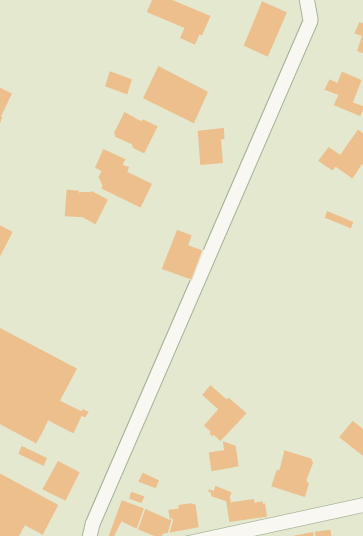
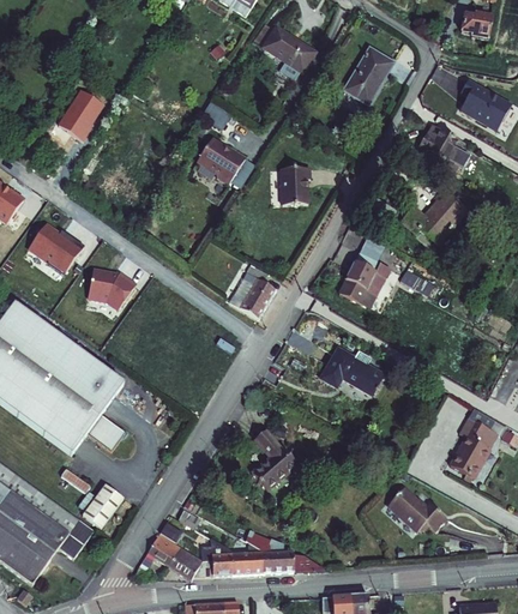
building: [142,65,209,124] -> none
building: [94,148,153,209] -> none
building: [64,189,109,225] -> [89,270,137,311]
building: none -> [338,248,392,306]
building: none -> [321,347,384,392]
building: [208,441,240,472] -> [233,542,263,572]
building: [270,449,314,498] -> none

